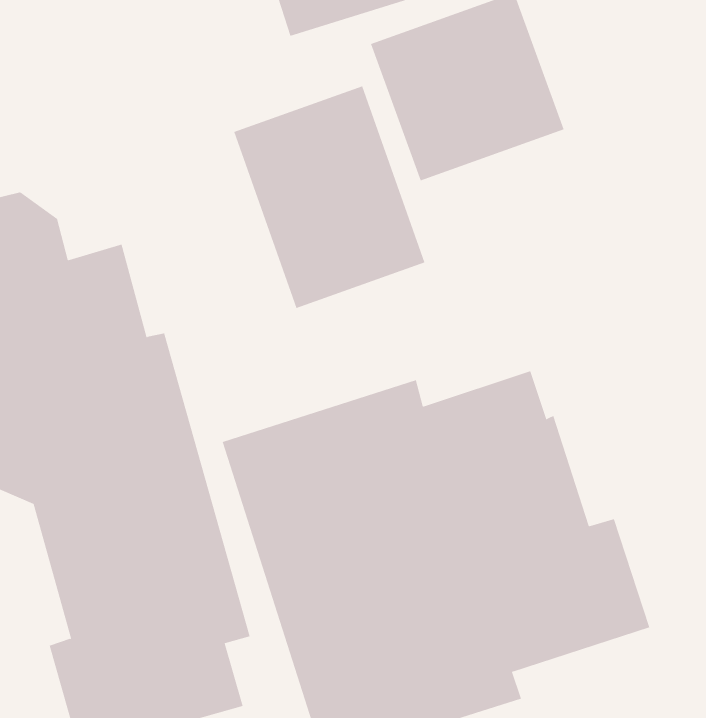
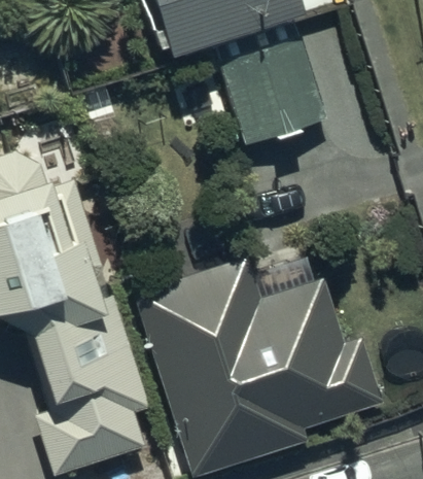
building: [234,85,425,309] -> none

